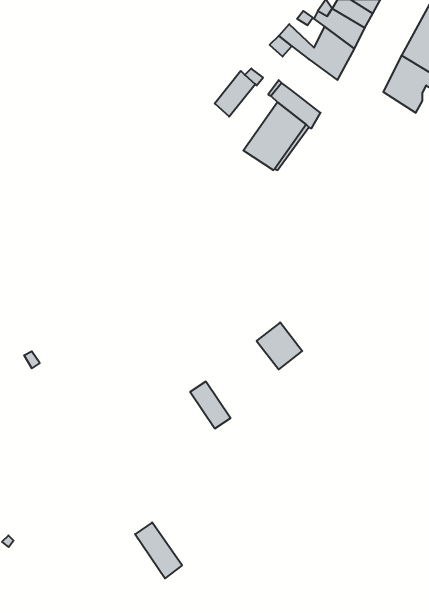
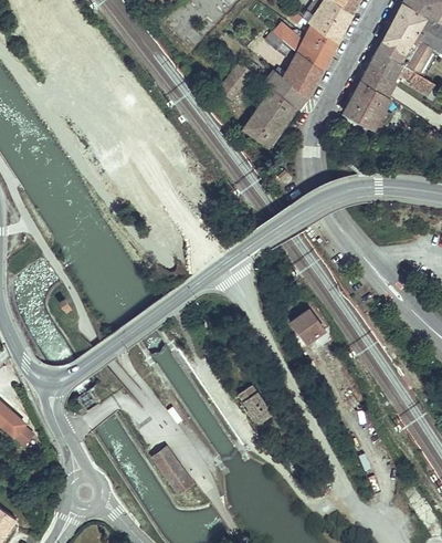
building: none -> [284,52,323,97]
building: none -> [344,80,391,128]
building: [257,322,302,369] -> [287,309,326,348]
building: [190,382,231,428] -> [239,385,273,425]

